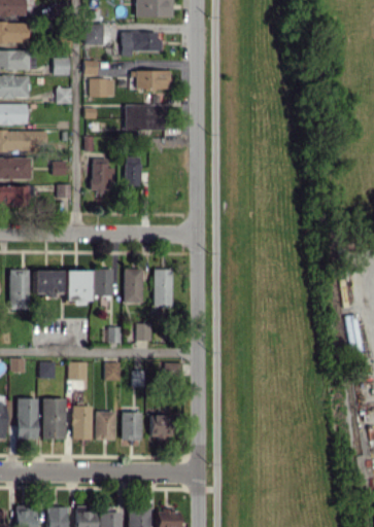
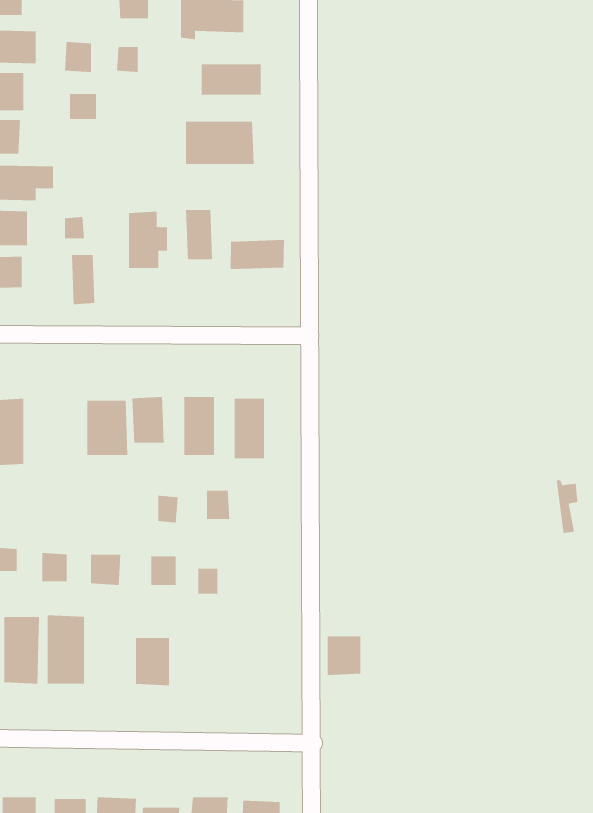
building: [90,78,115,96] -> none
building: none -> [230,239,284,270]
building: [34,270,63,296] -> none
building: [72,405,93,438] -> none
building: [122,412,143,440] -> none
building: [151,415,172,438] -> [327,636,361,676]

